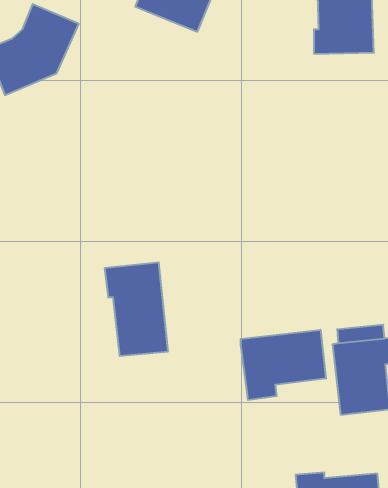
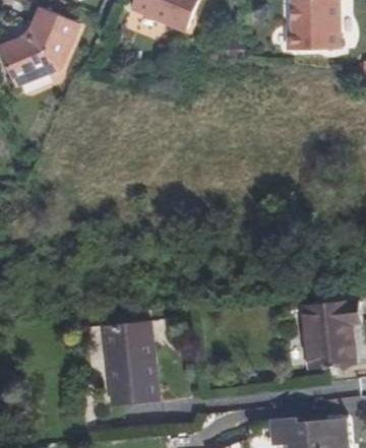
building: [105,263,168,356] -> [103,321,159,403]
building: [241,330,326,400] -> none

